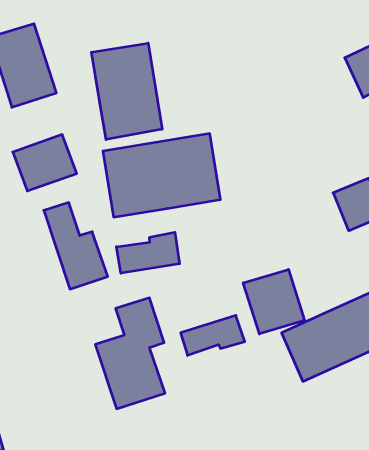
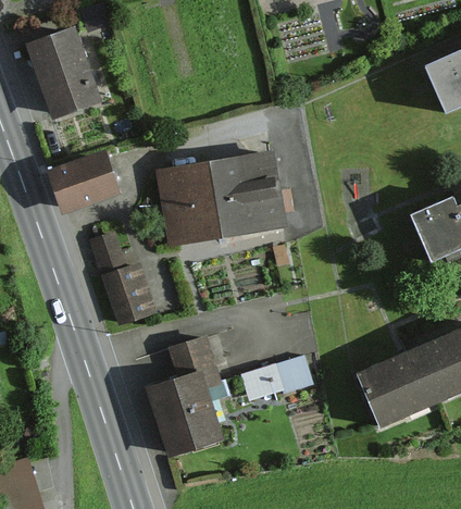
building: [91,43,162,140] -> none
building: [116,232,180,273] -> none
building: [243,269,304,334] -> none

